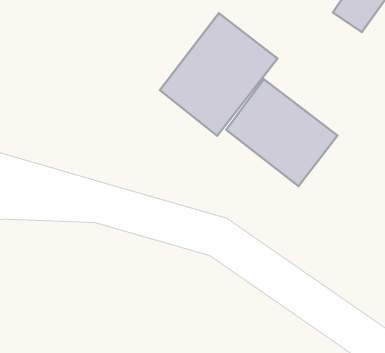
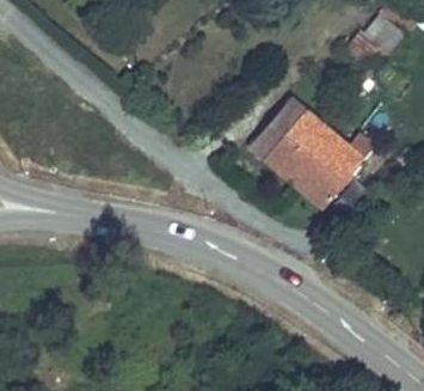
building: [160,13,277,136] -> none

